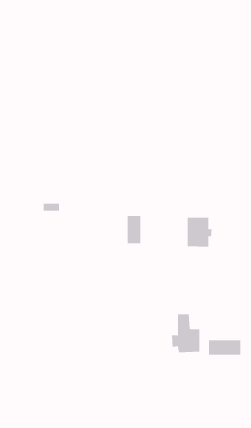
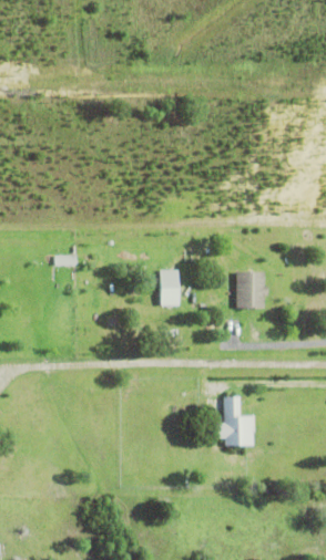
building: [208,340,241,356] -> none

